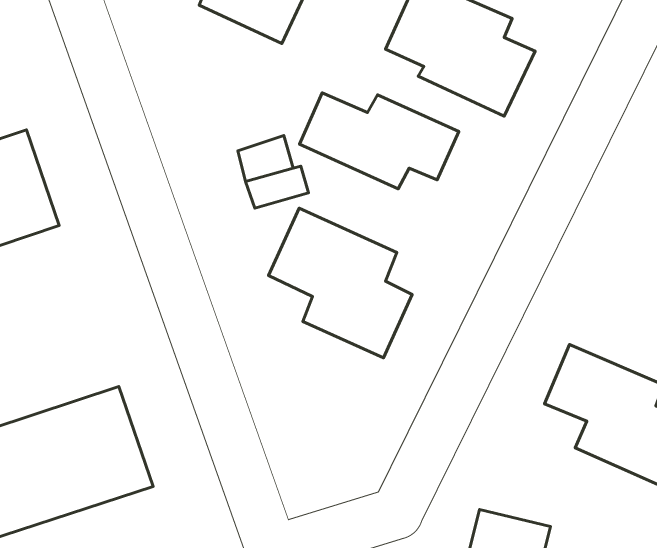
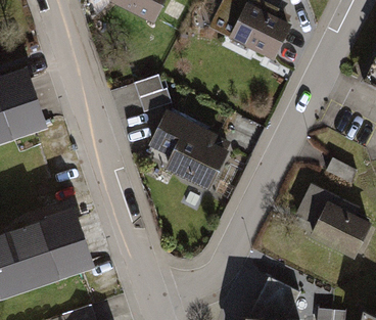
building: [299,93,459,189] -> none

